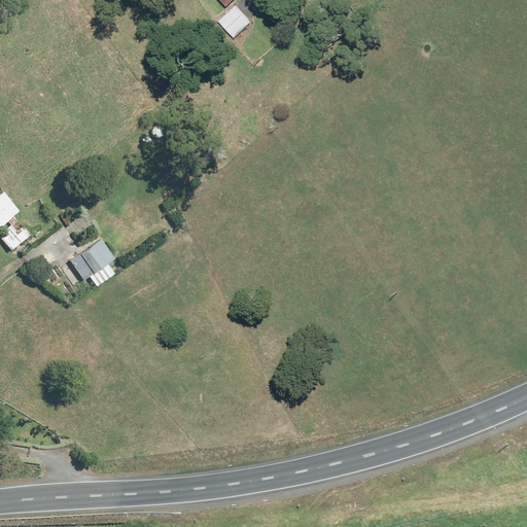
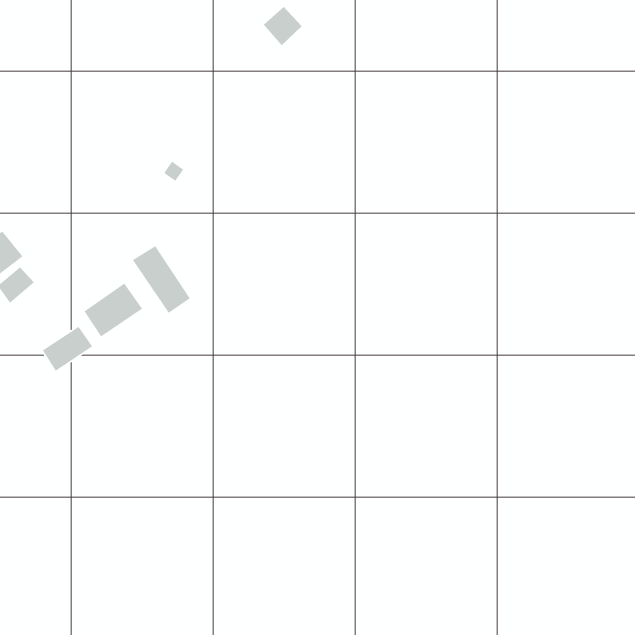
building: none -> [132,245,191,314]
building: none -> [42,326,93,372]

